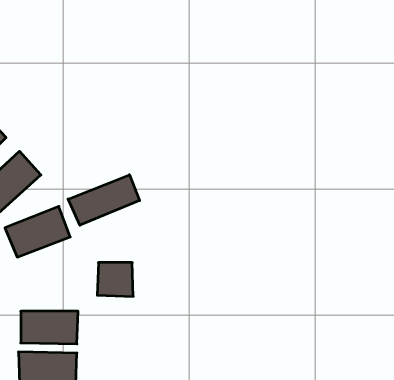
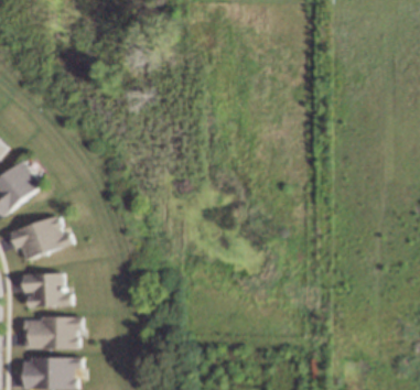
building: [68,175,140,225] -> none
building: [97,263,133,296] -> [30,273,65,306]

